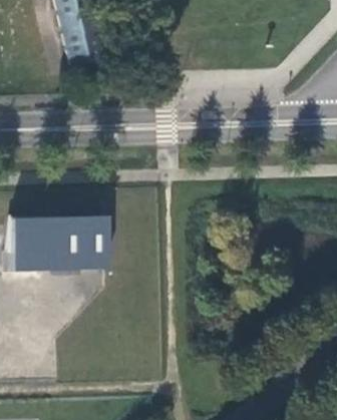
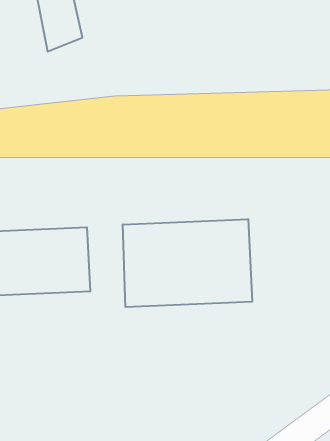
building: none -> [123,219,252,307]

